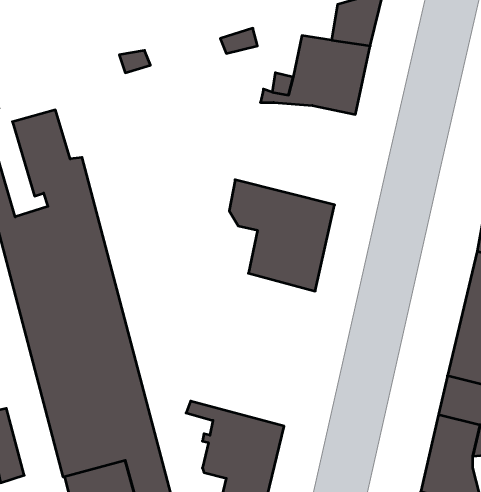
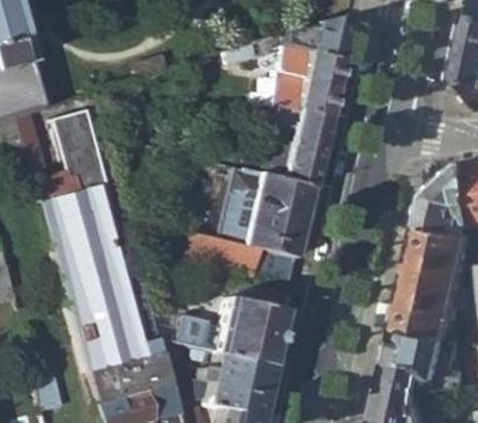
building: none -> [231,103,331,186]
building: none -> [186,228,298,284]
building: none -> [193,294,285,364]

